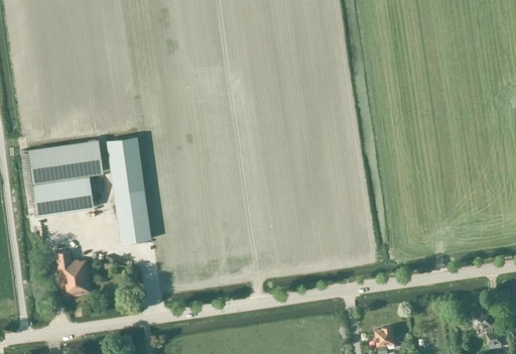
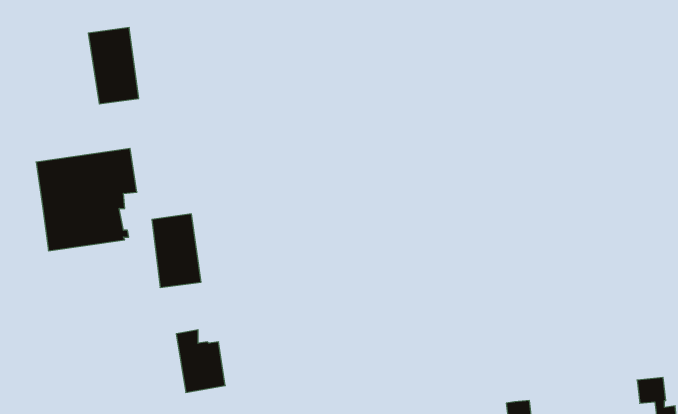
building: [106,136,143,193] -> [88,28,139,104]
building: [54,250,91,297] -> [176,330,225,392]

